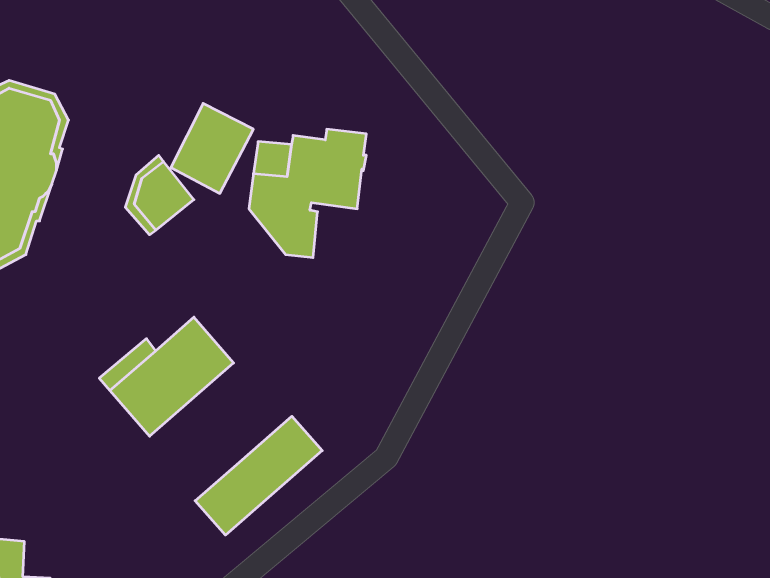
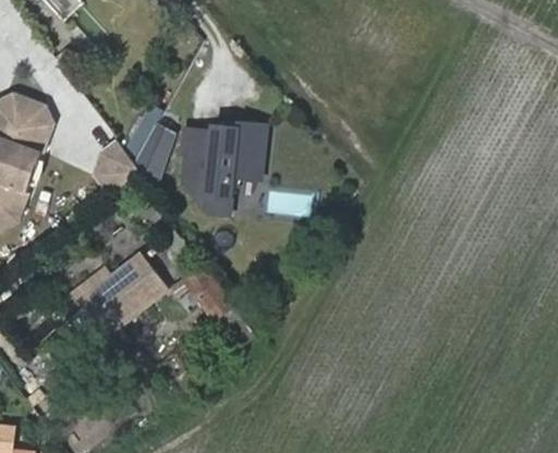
building: [195,416,322,535] -> none

